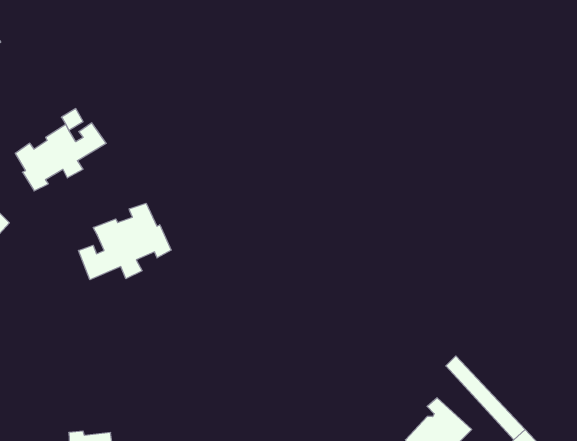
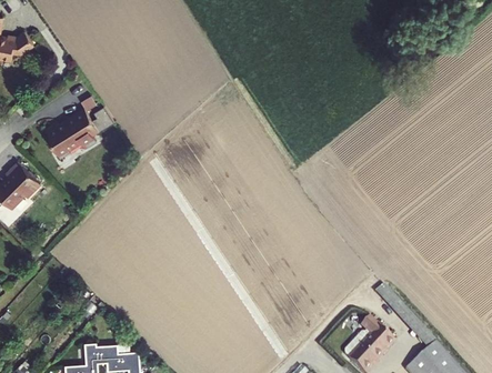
building: [79,203,171,280] -> none

